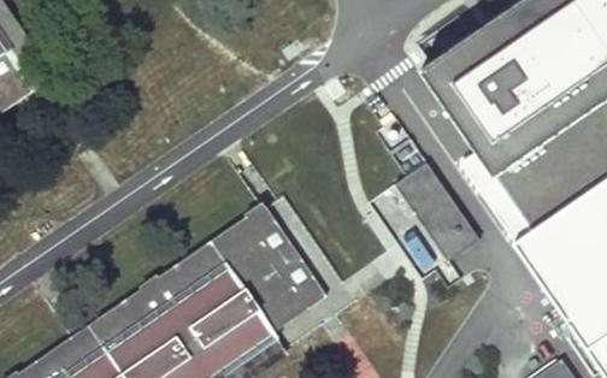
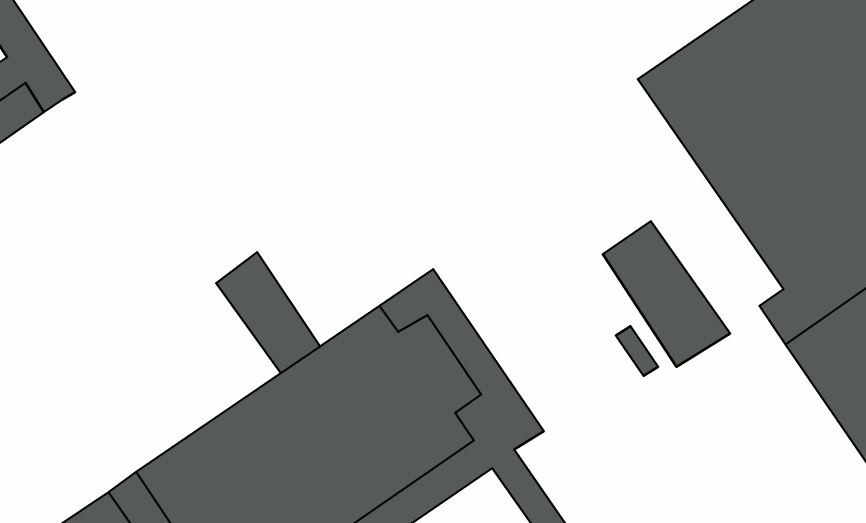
building: none -> [216,252,320,373]

